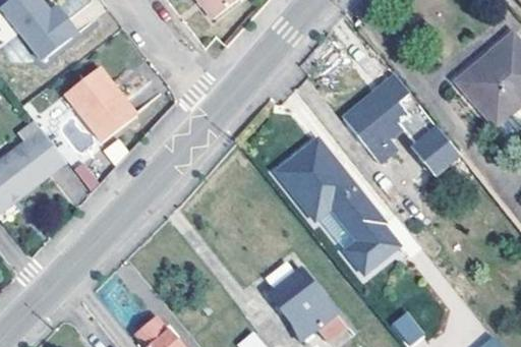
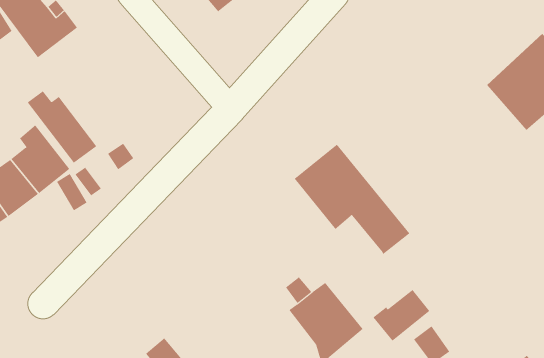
building: [61,63,133,137] -> none
building: [343,74,459,173] -> none
building: [346,224,400,273] -> [373,289,430,341]

